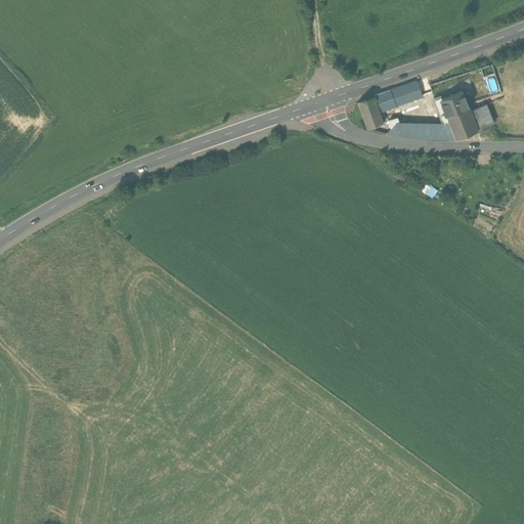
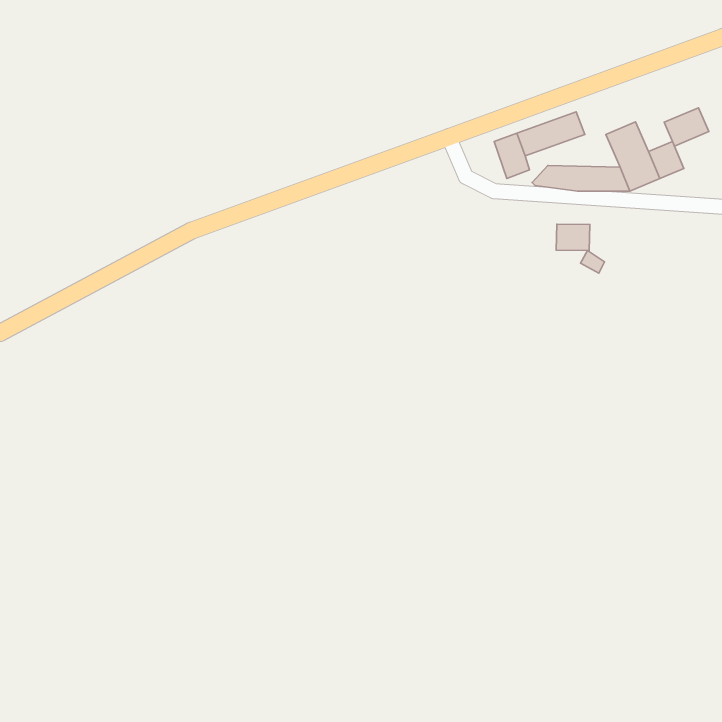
building: none -> [664,108,709,146]
building: none -> [556,224,590,251]

